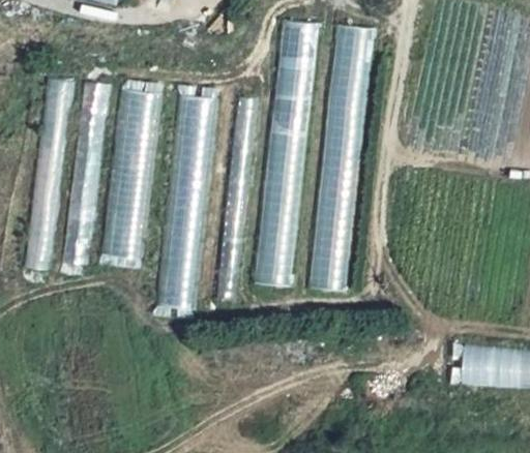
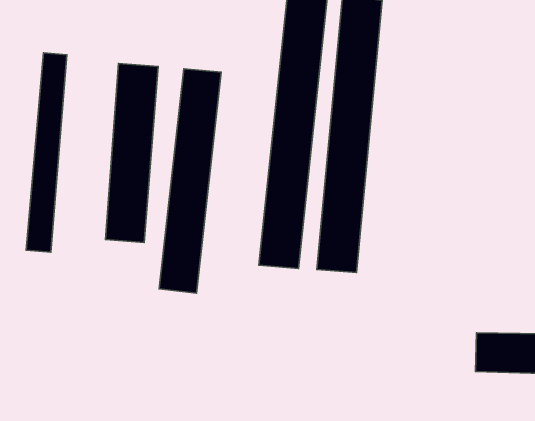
building: [67,81,105,266] -> none

